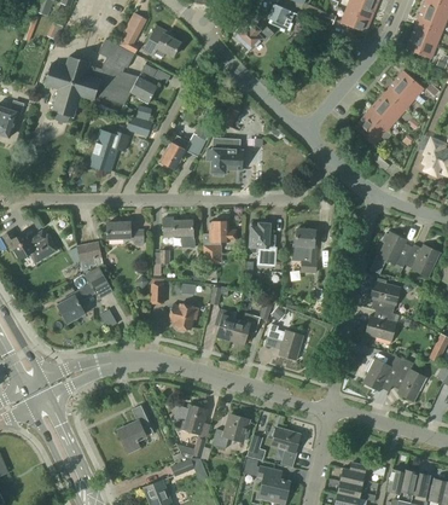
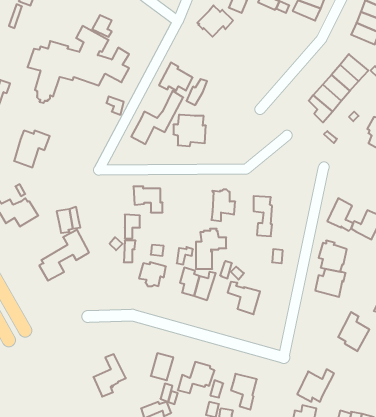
building: [142,25,180,57] -> [159,62,193,91]
building: [89,129,129,170] -> [14,131,50,167]
building: [203,219,237,263] -> [196,229,226,269]
building: [106,221,144,244] -> none
building: [362,355,403,391] -> [297,369,334,402]

